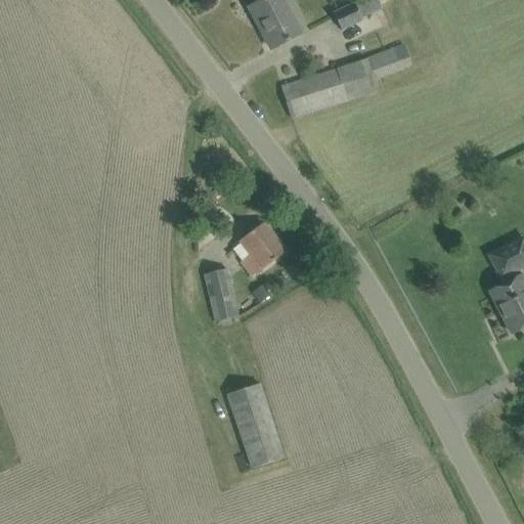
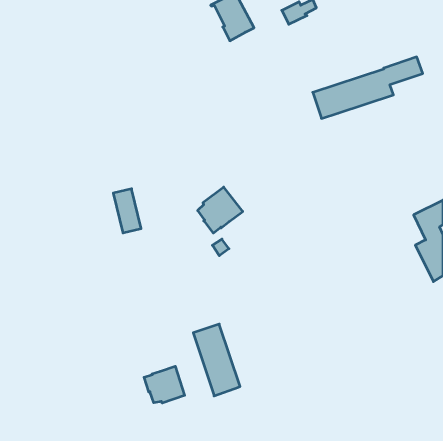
building: [281,44,411,117] -> [313,57,423,118]
building: [205,268,237,320] -> [113,189,141,233]
building: none -> [144,366,185,403]

